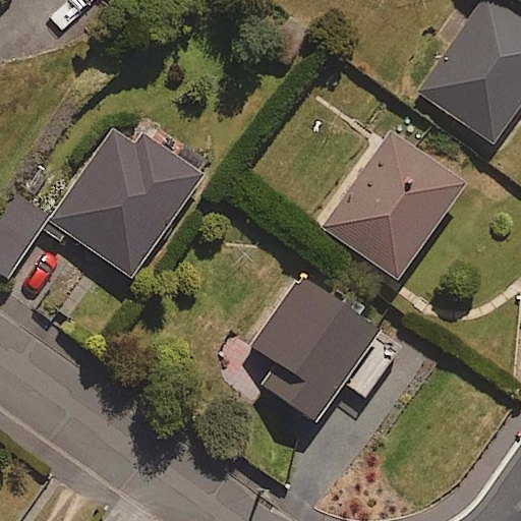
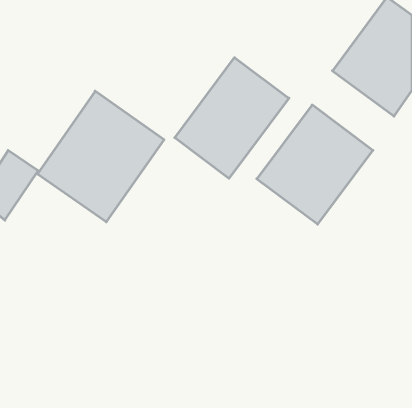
building: none -> [175,58,289,178]
building: [249,276,381,424] -> none

